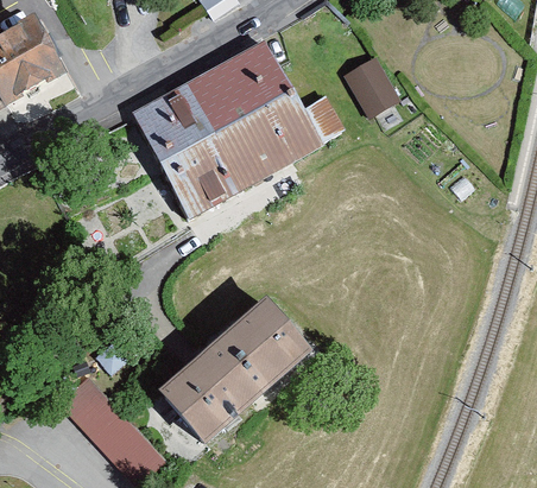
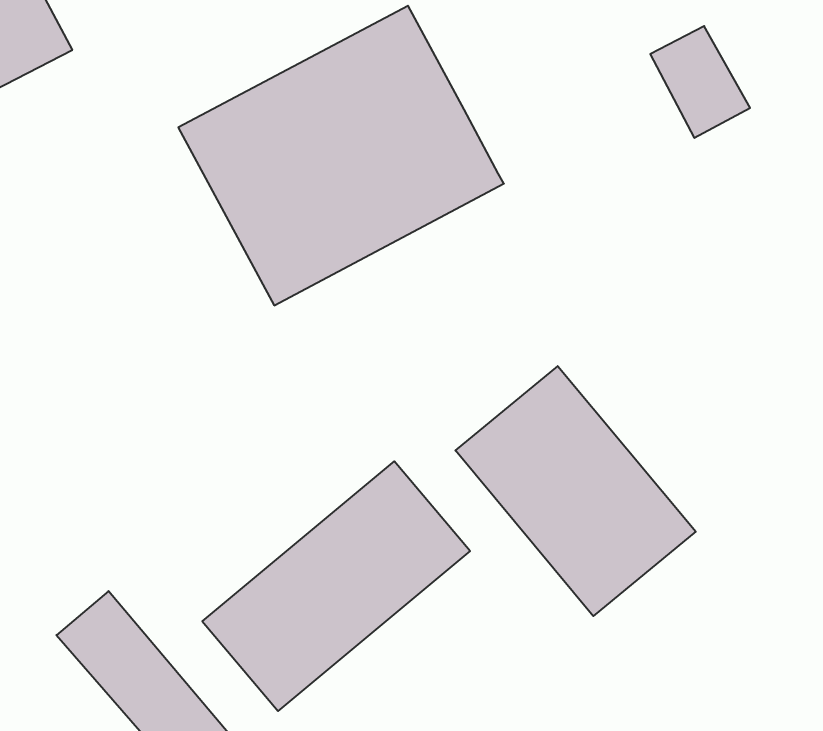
building: [343,51,403,118] -> [650,26,750,138]
building: none -> [455,366,696,616]

